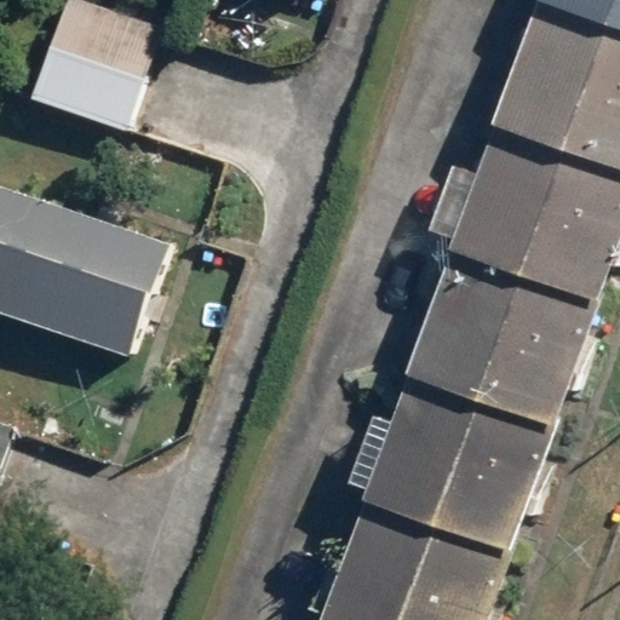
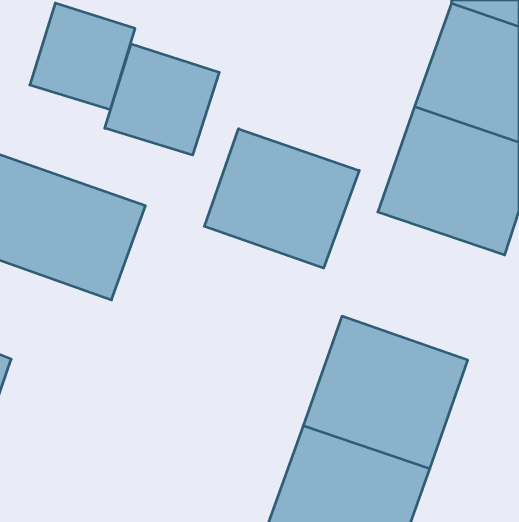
building: none -> [105,44,219,155]
building: none -> [204,129,359,268]
building: [404,252,597,427] -> none

